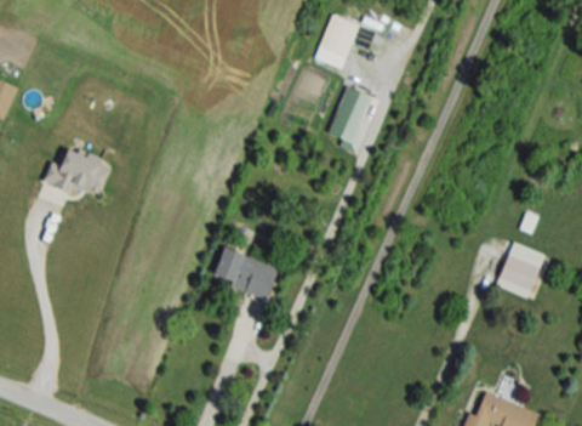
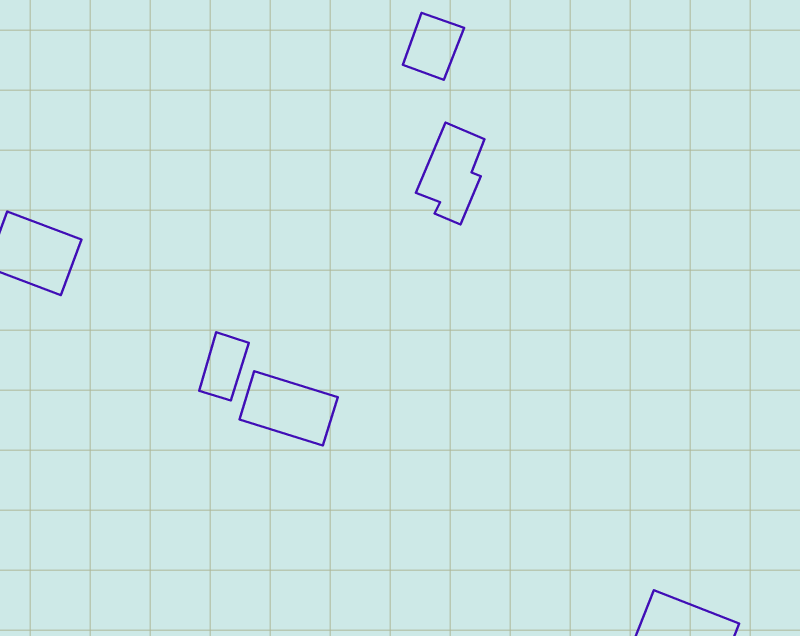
building: none -> [199,332,249,400]
building: [493,242,546,297] -> none

